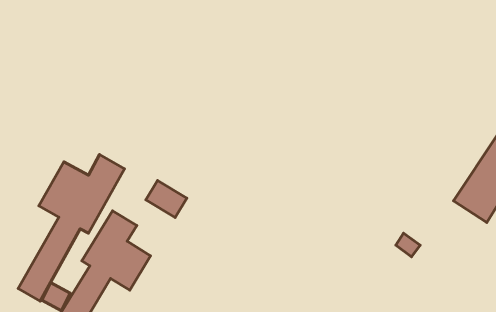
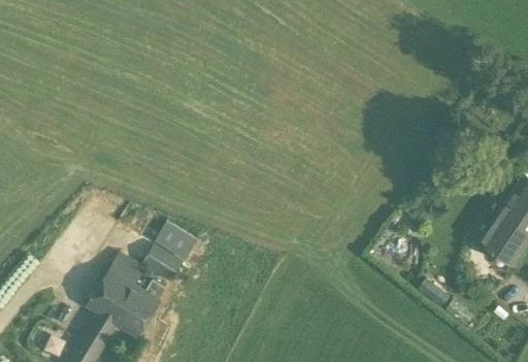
building: [18,155,125,301] -> none
building: none -> [142,243,185,282]

